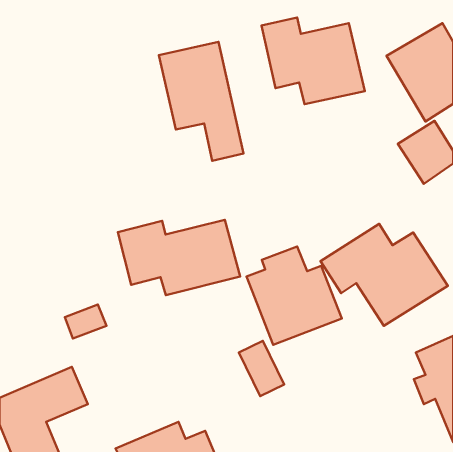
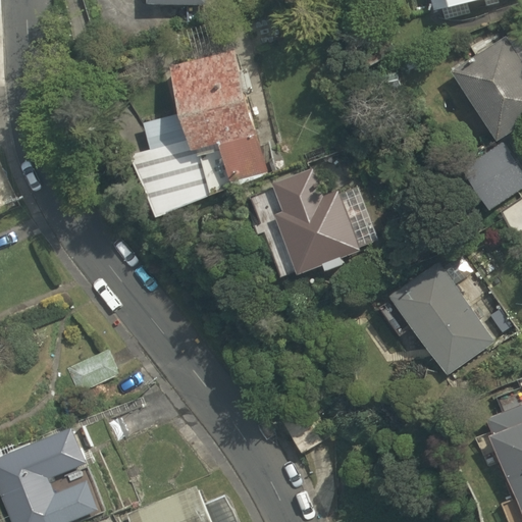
building: [261,17,365,104] -> none
building: none -> [140,112,229,214]
building: [118,220,240,295] -> none
building: [247,246,342,345] -> [261,172,370,285]

